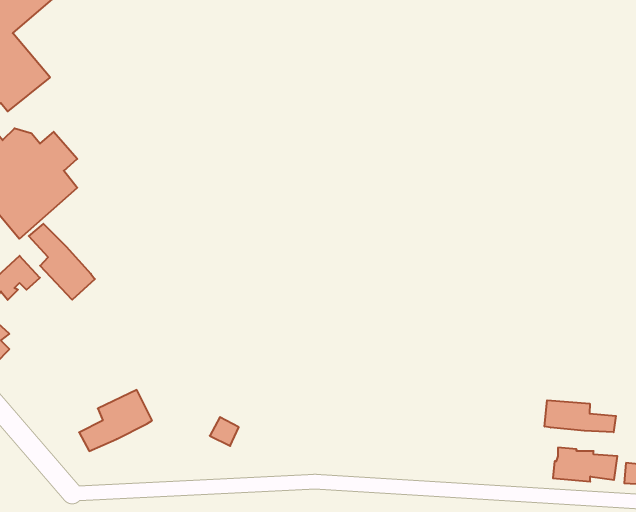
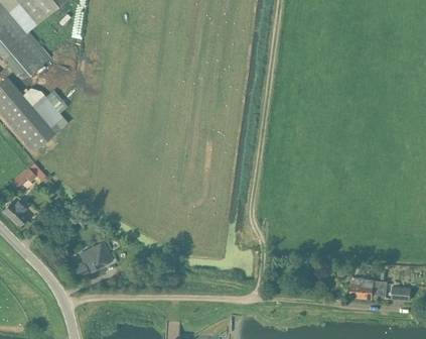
building: [29,224,95,300] -> none
building: [545,400,616,432] -> none

